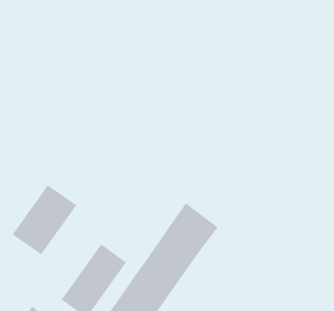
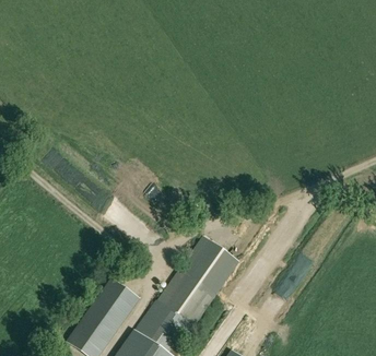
building: [12,184,77,255] -> none

